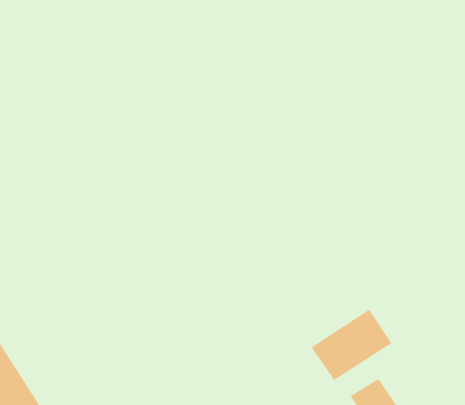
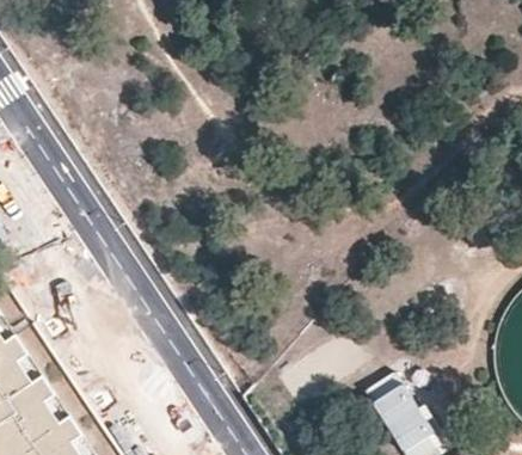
building: [311,309,392,381] -> none

